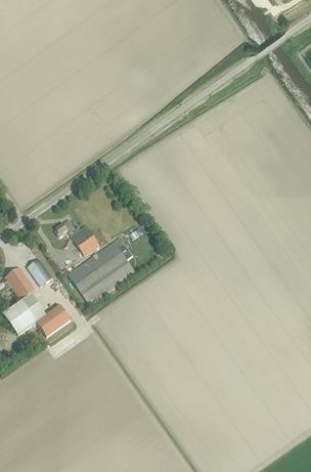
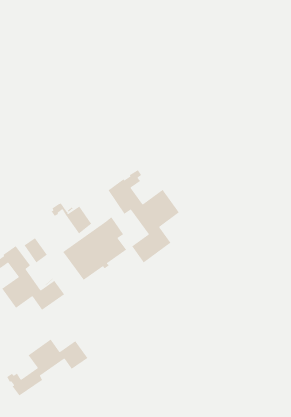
building: none -> [107,169,180,263]
building: none -> [6,339,88,397]

